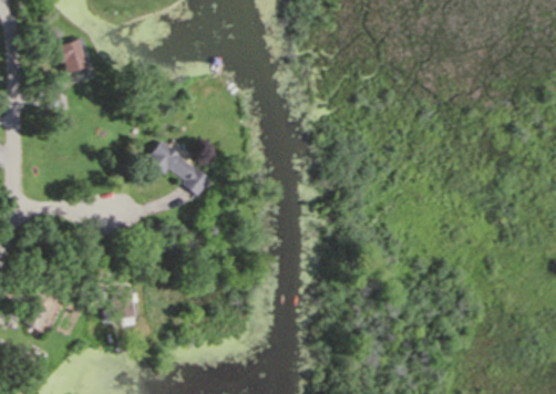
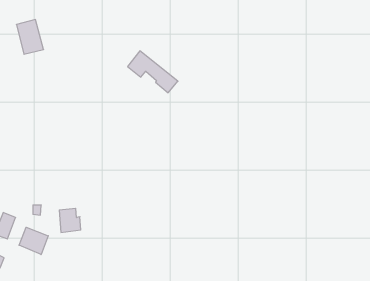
building: [147,142,215,198] -> [128,51,178,93]
building: none -> [19,227,48,255]

